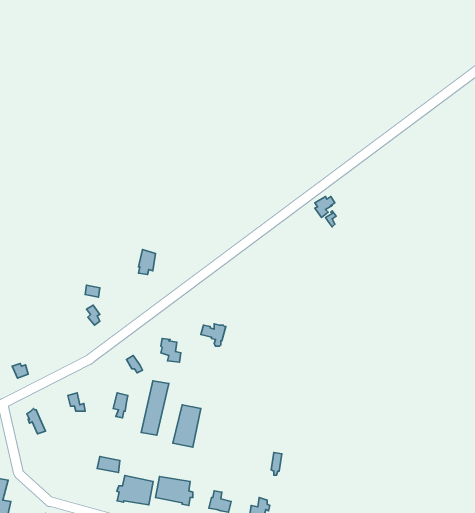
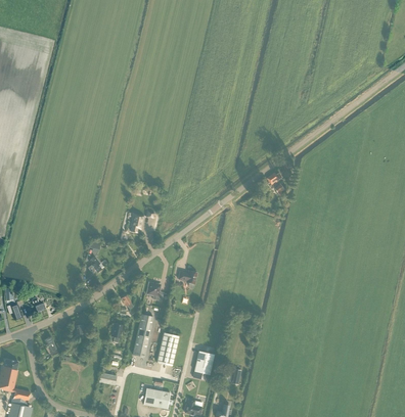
building: none -> [192,351,214,380]
building: [117,476,153,505] -> none

